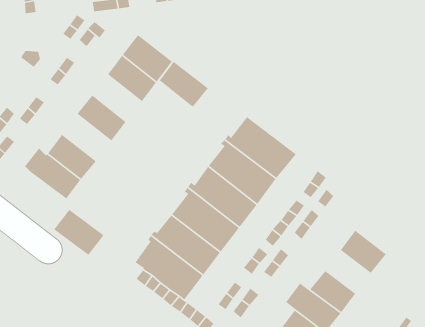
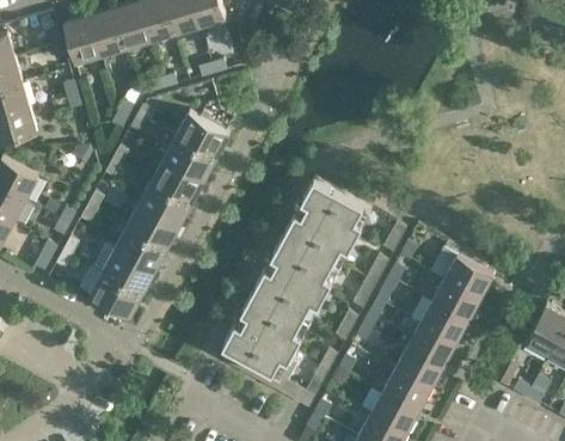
building: [159,61,209,108] -> [152,158,204,203]
building: none -> [127,203,179,249]
building: none -> [430,247,492,298]
building: [53,209,104,256] -> [88,271,142,317]
building: none -> [419,301,467,343]

